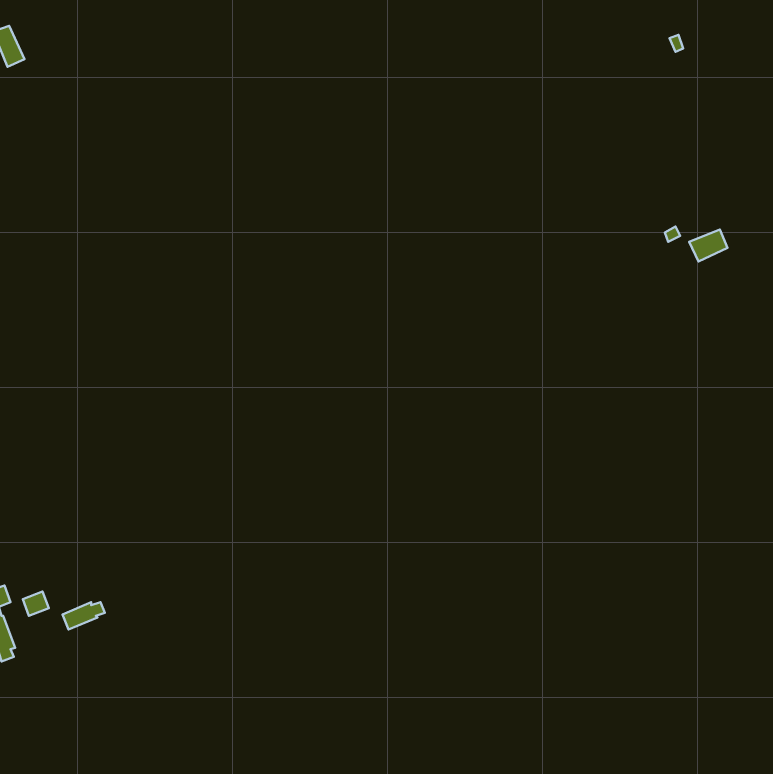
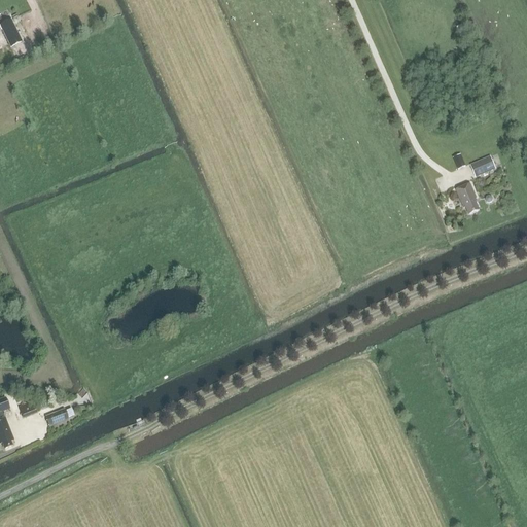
building: none -> [453,182,477,213]

